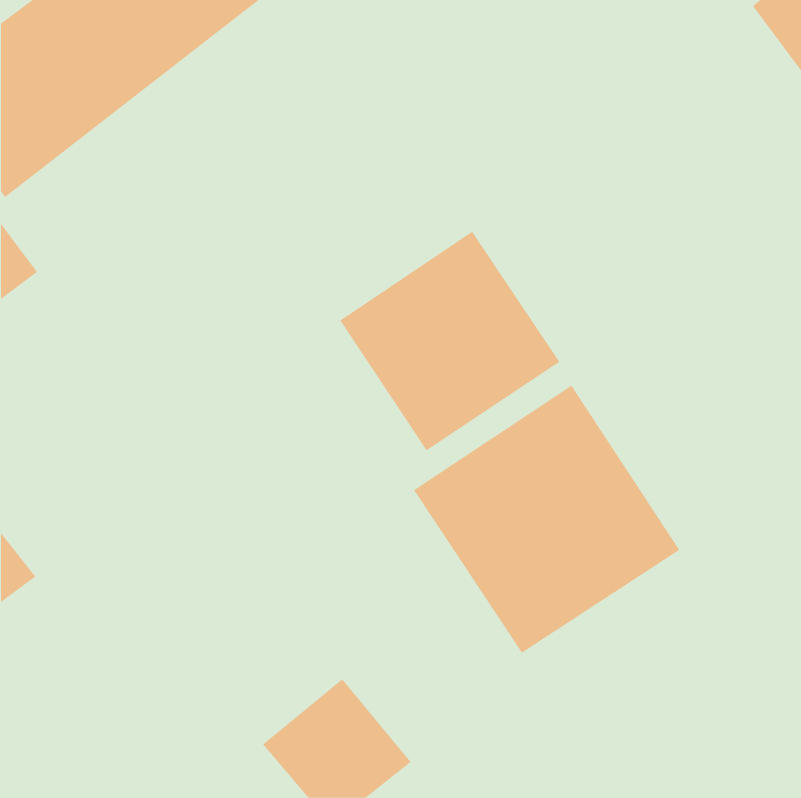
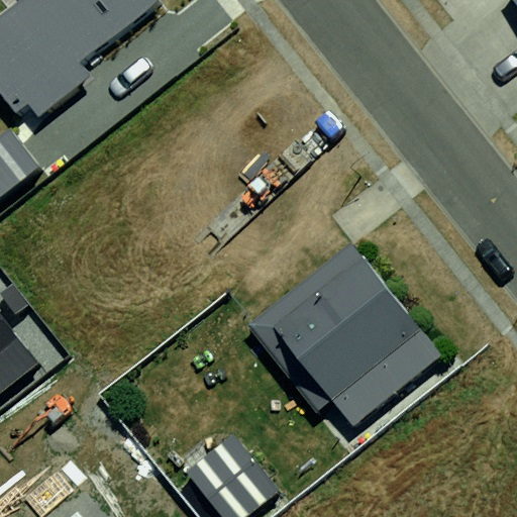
building: [340,231,560,451] -> none

